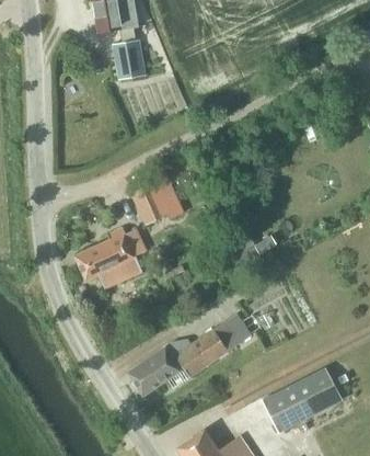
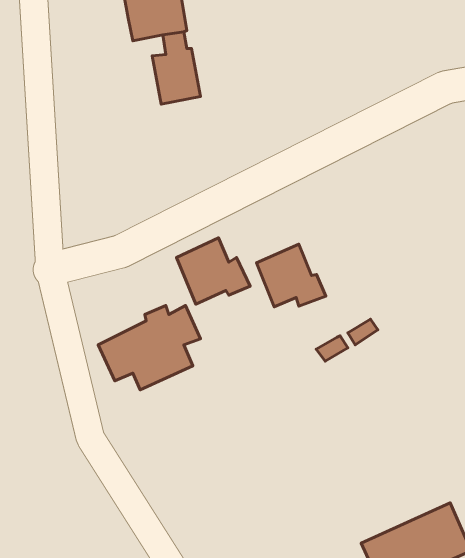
building: none -> [257,244,326,307]
building: [128,312,252,396] -> none

